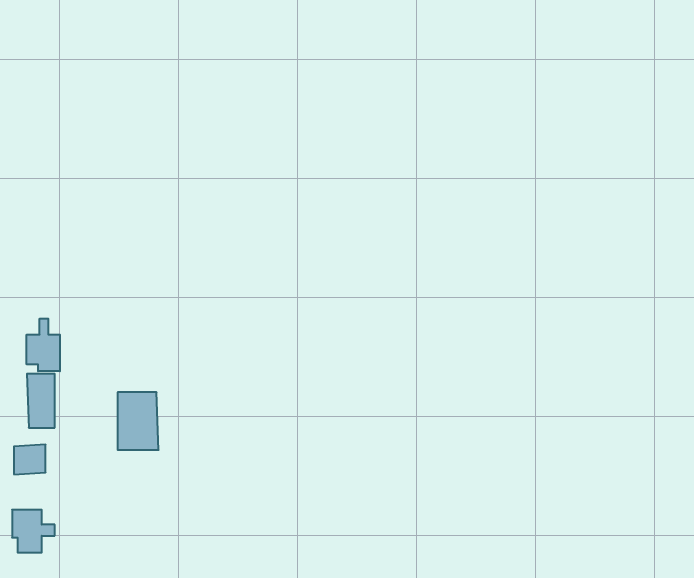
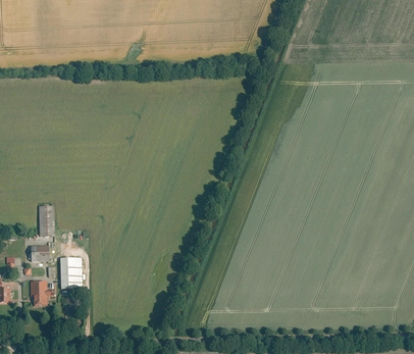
building: [27,319,60,371] -> none
building: [118,392,159,450] -> [60,257,83,289]

